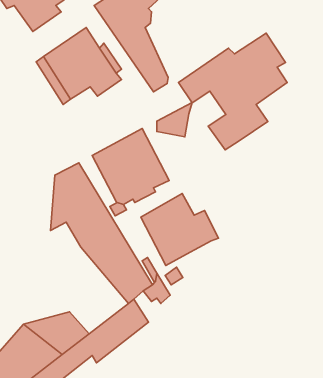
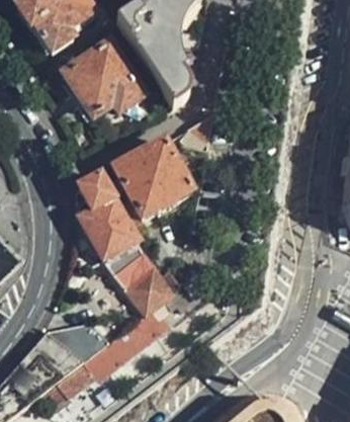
building: [179,33,287,150] -> none
building: [141,194,218,266] -> none

